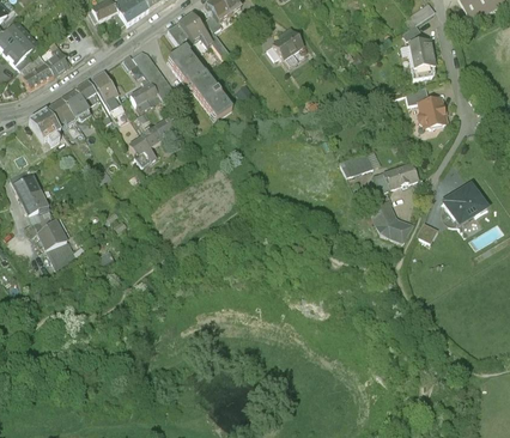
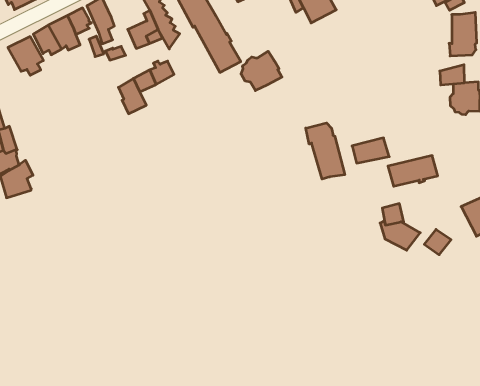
building: none -> [241,51,282,91]
building: none -> [306,123,345,179]
building: [45,242,77,276] -> none

